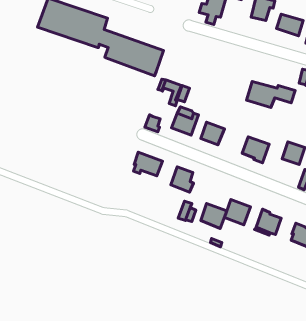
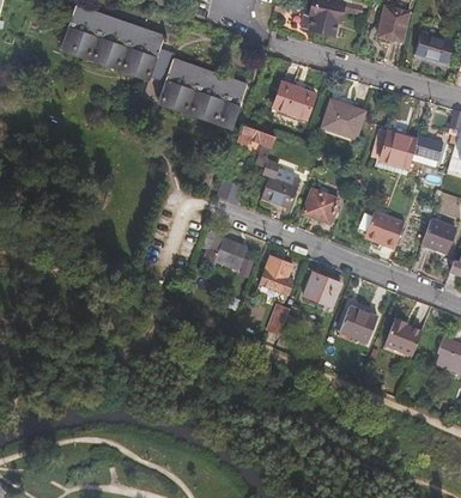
building: none -> [272,80,314,116]
building: none -> [321,103,362,140]
building: [201,203,227,229] -> [304,271,342,308]

